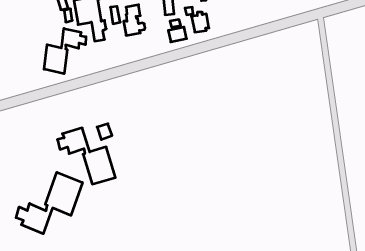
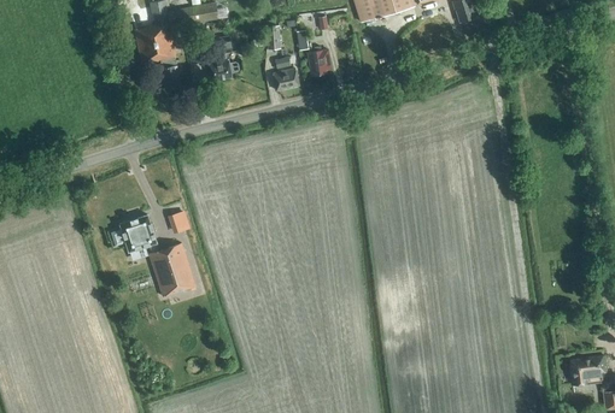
building: [44,28,86,74] -> none
building: [16,172,82,234] -> none

